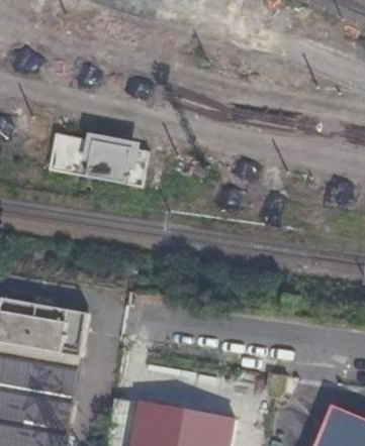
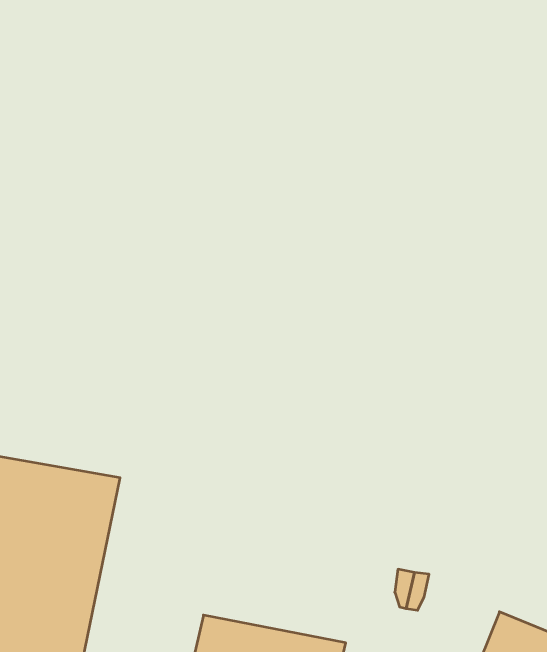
building: [45,130,144,184] -> none

